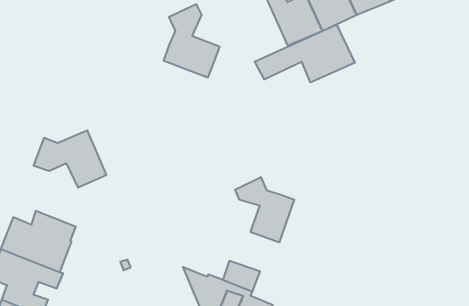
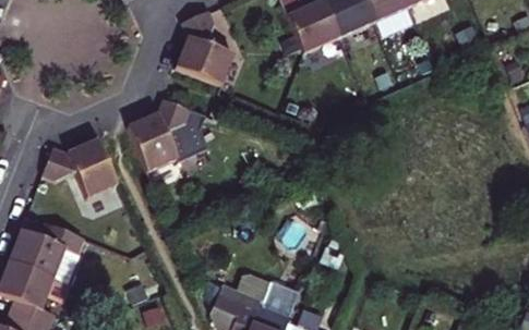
building: [255,24,355,82] -> none
building: none -> [128,99,207,171]
building: [235,177,294,242] -> none

